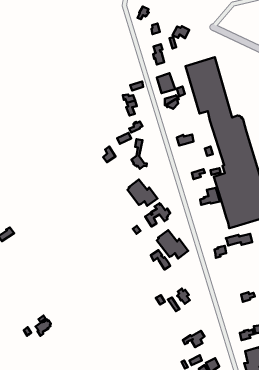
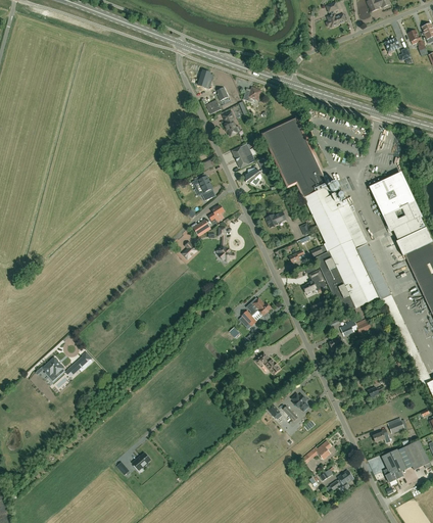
building: [127,180,157,206] -> none
building: [157,230,188,258] -> none

